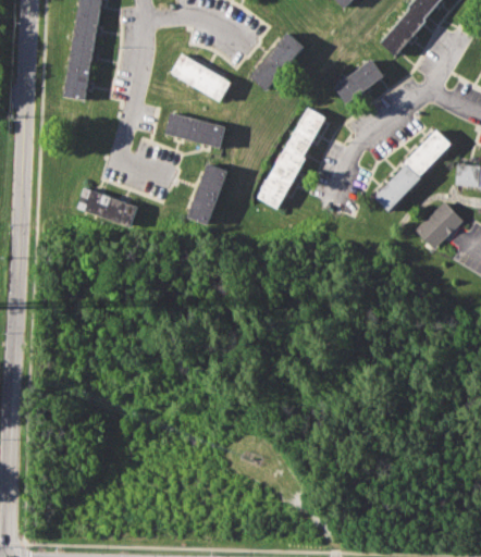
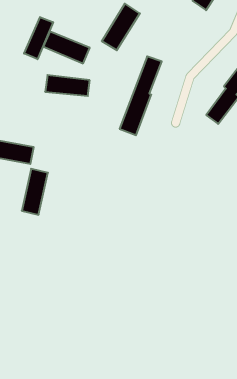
building: none -> [24,17,53,59]
building: [333,59,384,103] -> none
building: [186,162,229,225] -> [22,169,48,215]

